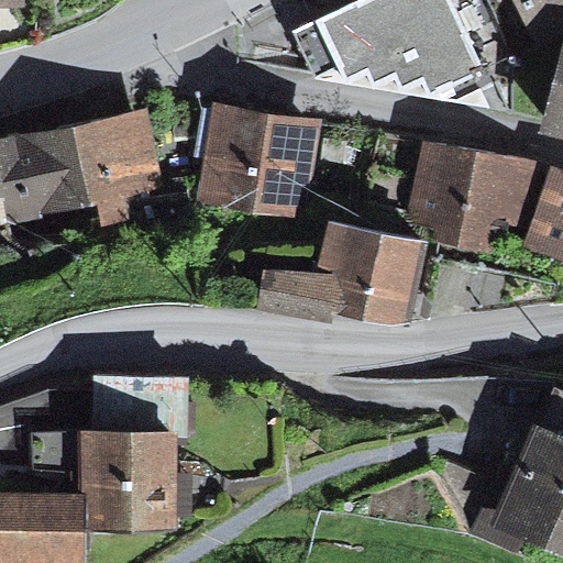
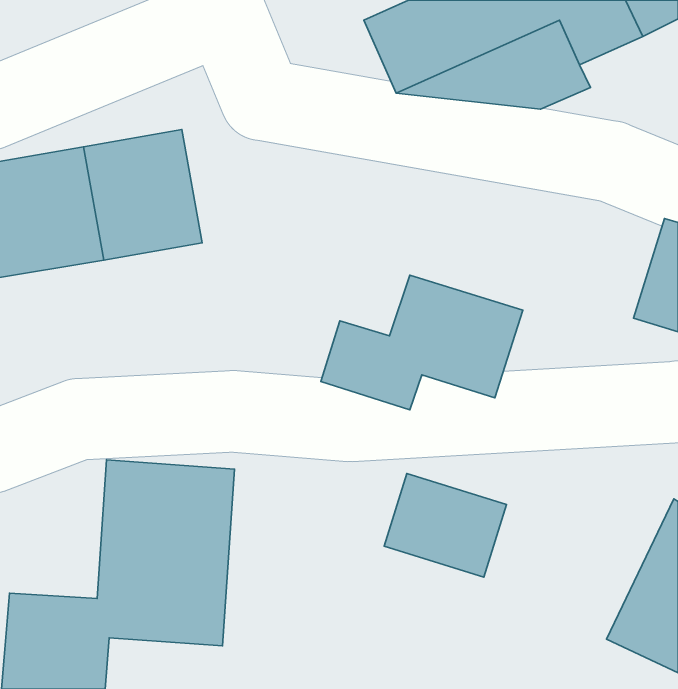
building: [189,95,319,217] -> none
building: [405,142,530,266] -> none
building: none -> [384,473,506,577]

